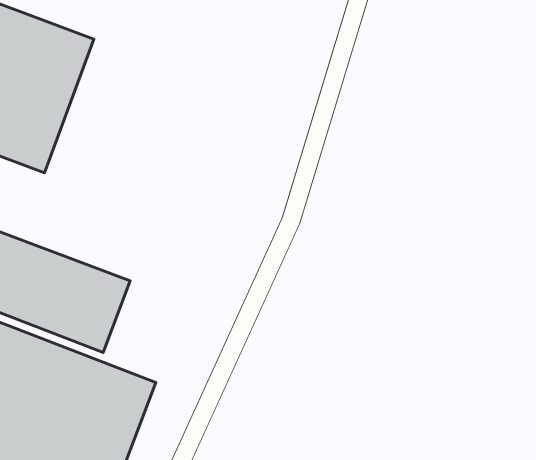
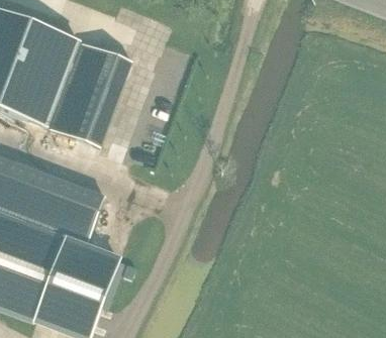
building: none -> [47,40,129,144]

